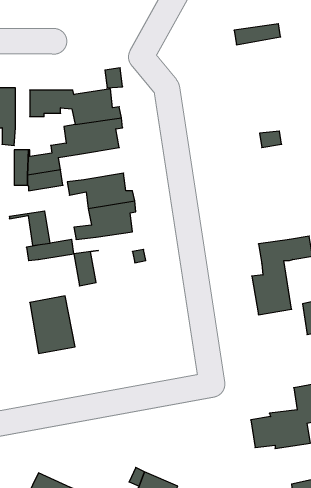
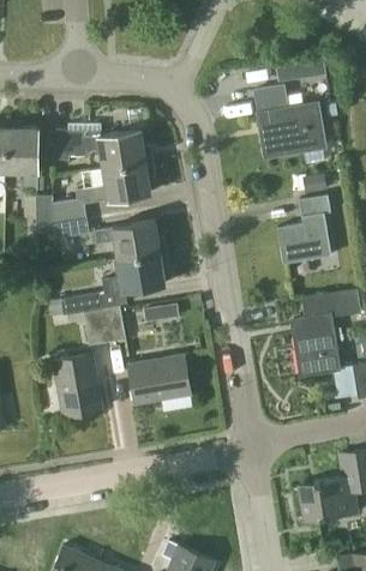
building: none -> [253,86,324,156]
building: none -> [277,194,330,263]
building: [9,211,50,245] -> [62,308,107,345]
building: none -> [128,355,190,403]

